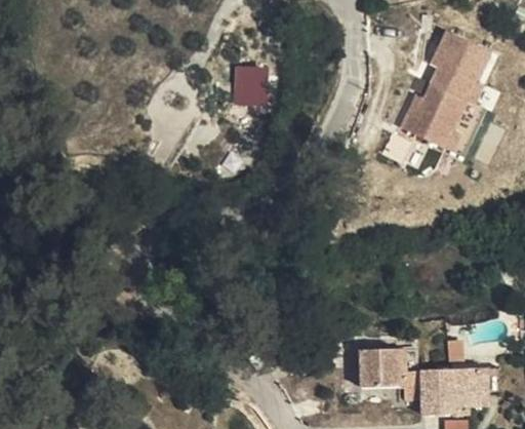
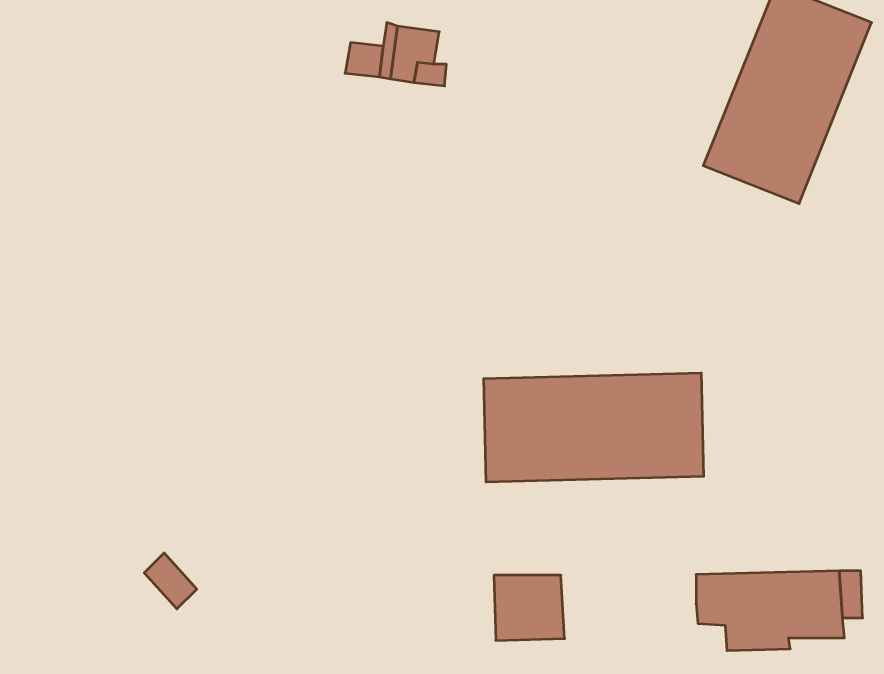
building: none -> [484,373,704,482]
building: [355,349,395,386] -> [494,575,565,640]

